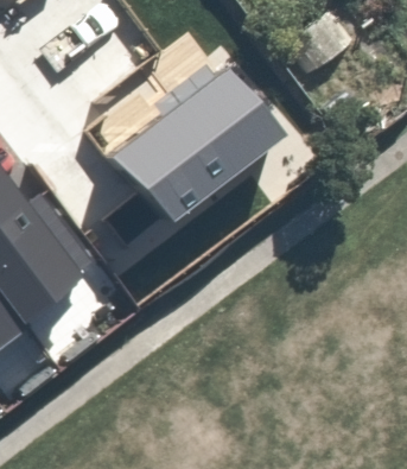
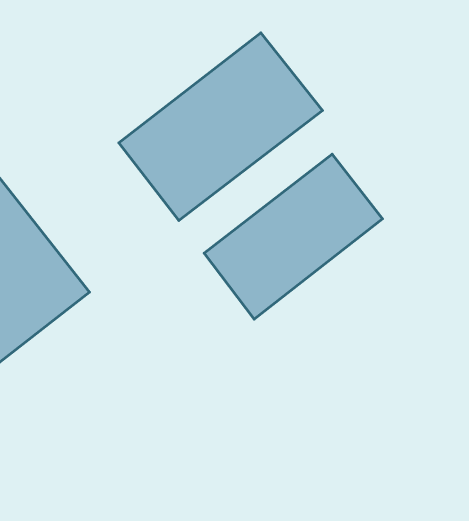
building: none -> [204,154,382,319]

